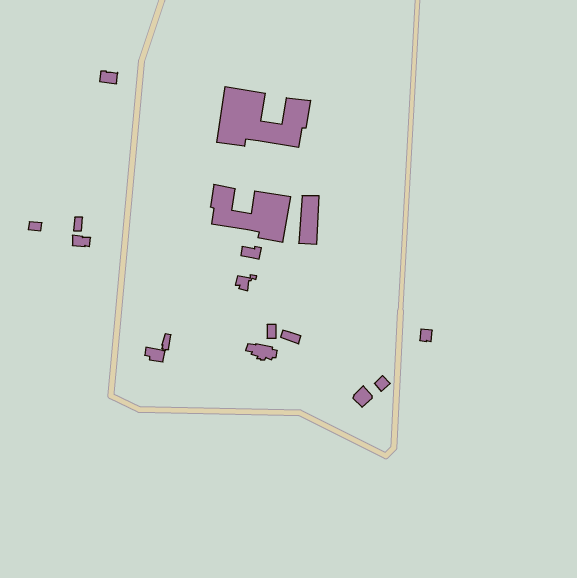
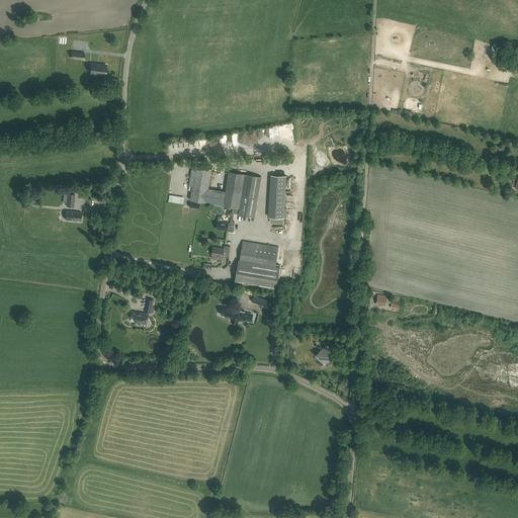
building: [217,87,311,147] -> none
building: none -> [234,241,279,290]

